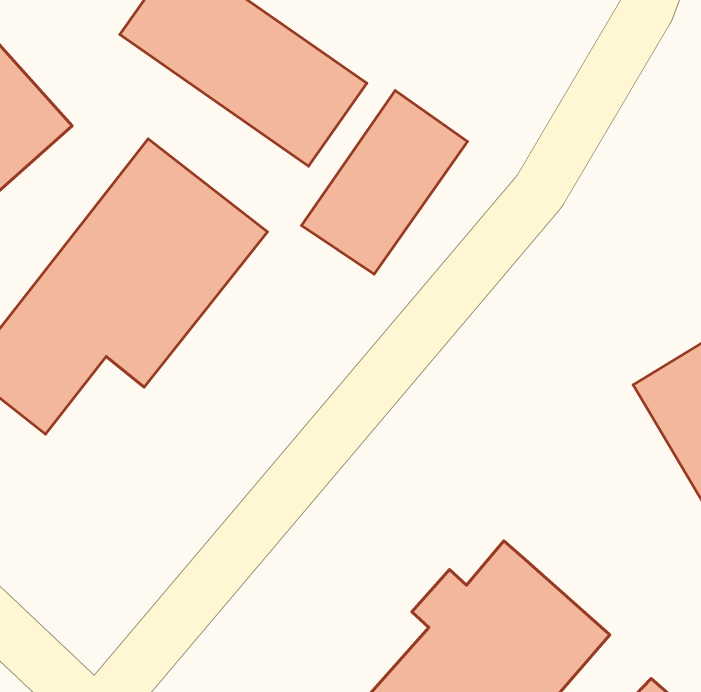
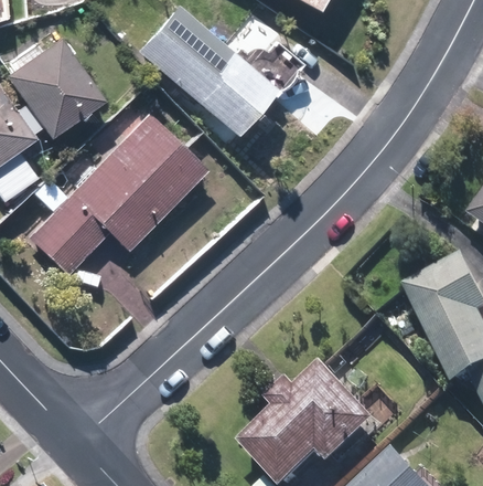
building: [301,91,467,274] -> none

